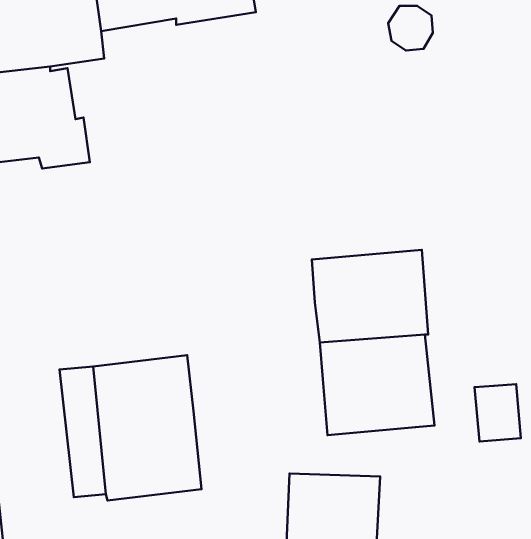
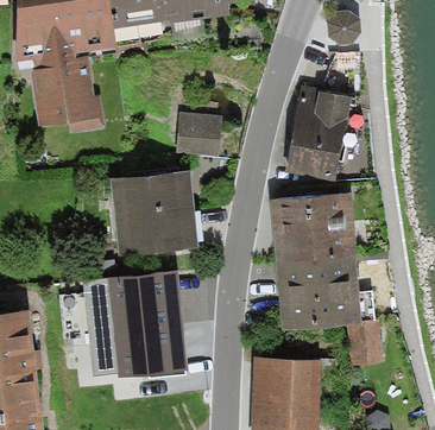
building: none -> [285,84,352,181]
building: none -> [177,110,221,154]
building: none -> [109,172,198,257]
building: [475,384,521,442] -> [347,321,382,363]

